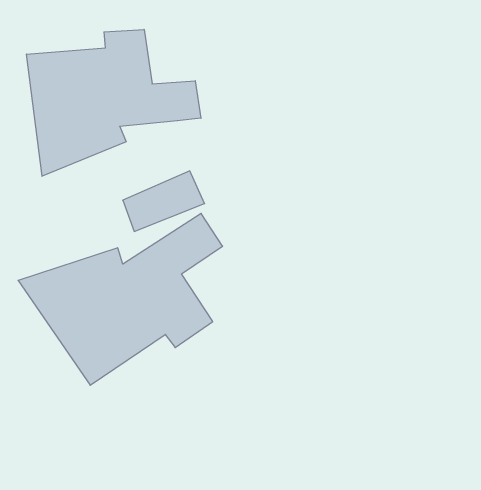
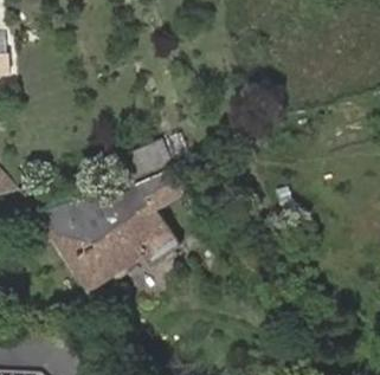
building: [27,29,201,176] -> none

